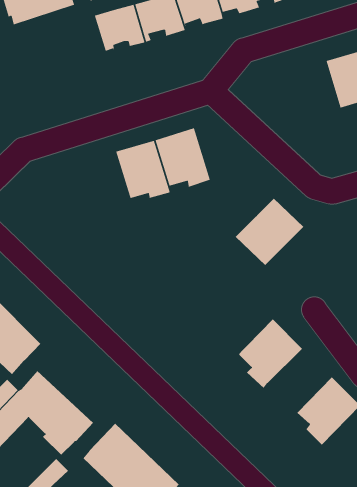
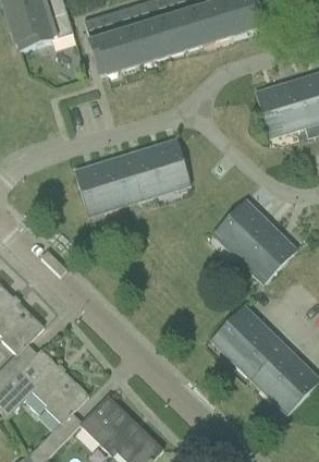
building: none -> [255,81,304,137]
building: none -> [74,159,122,217]
building: none -> [237,224,297,283]
building: none -> [240,330,295,389]

